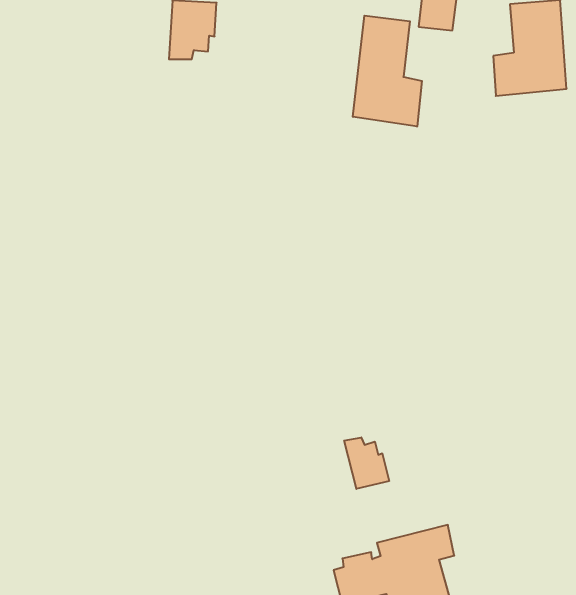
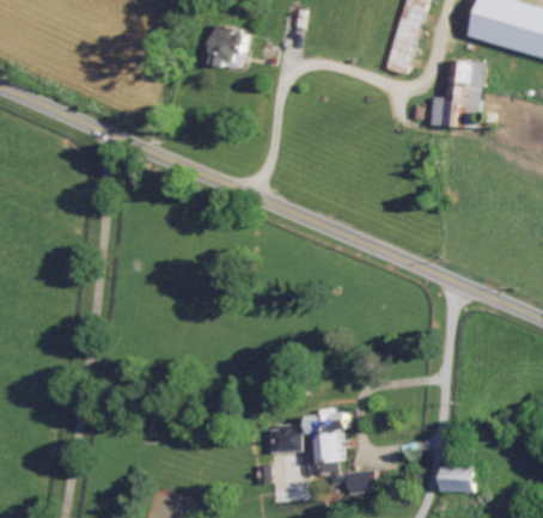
building: [353,16,422,127] -> none
building: [344,437,389,489] -> none

